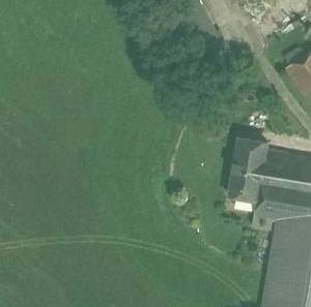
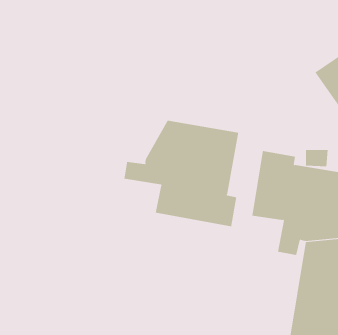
building: none -> [124,120,239,227]

